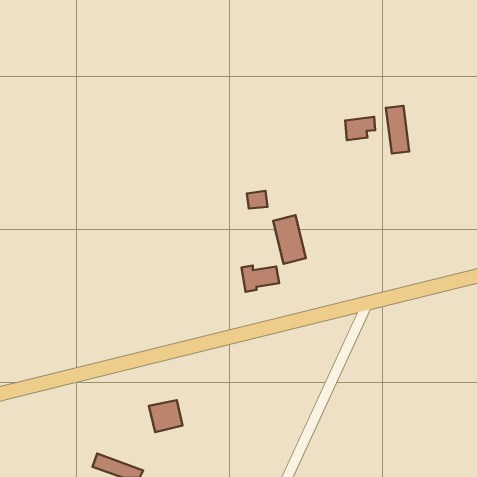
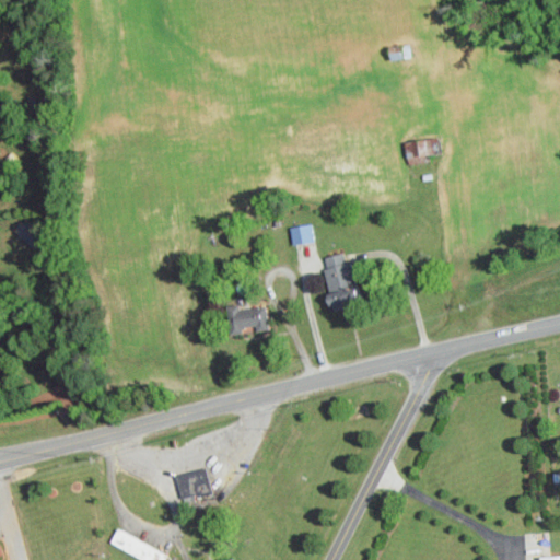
building: [386,106,409,153] -> none
building: [242,265,279,292] -> [225,305,269,336]

